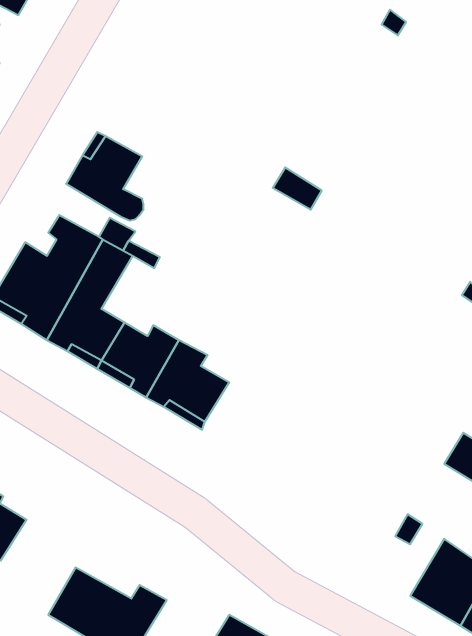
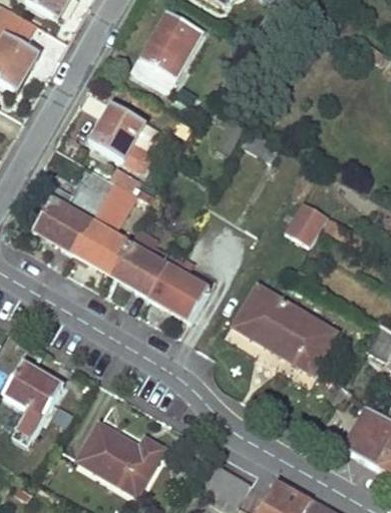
building: none -> [135,10,204,90]
building: none -> [286,200,329,247]
building: none -> [236,286,337,371]

